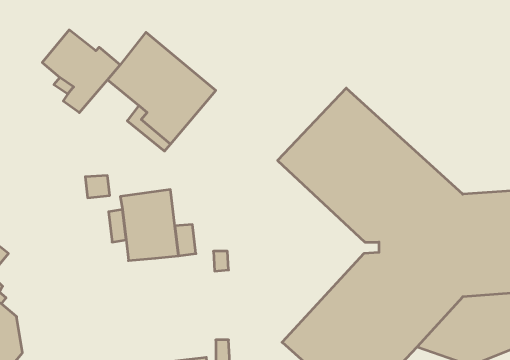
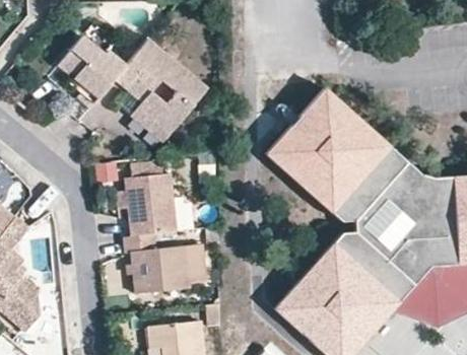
building: none -> [124,233,205,294]

